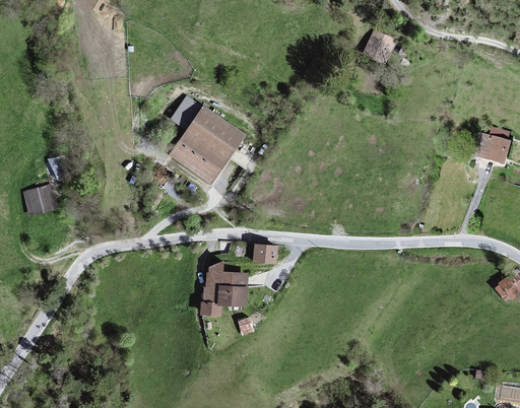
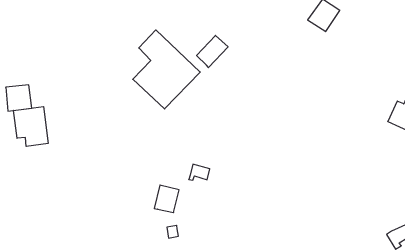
building: none -> [197,35,228,68]
building: none -> [13,107,48,146]
building: [202,261,223,314] -> none

